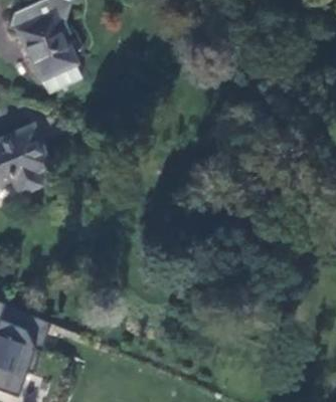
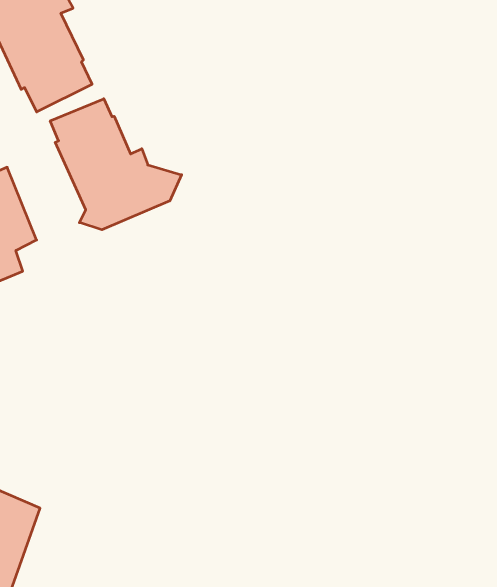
building: none -> [50,99,182,230]

